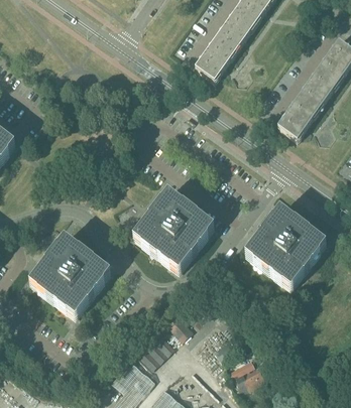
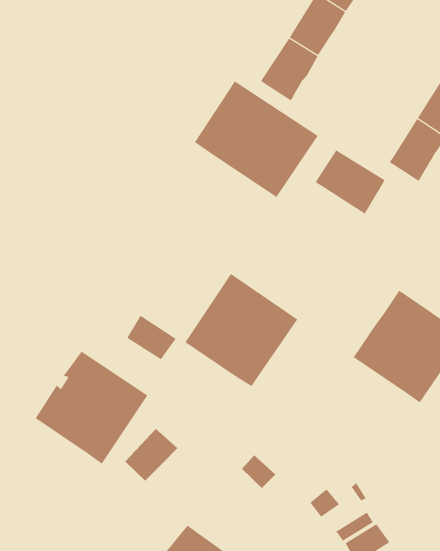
building: none -> [194,80,319,198]
building: none -> [315,149,385,214]
building: none -> [127,315,176,360]
building: [137,331,173,367] -> [125,428,178,482]

